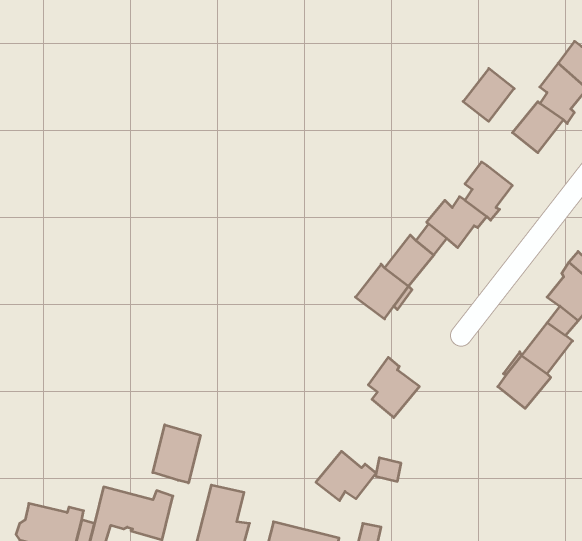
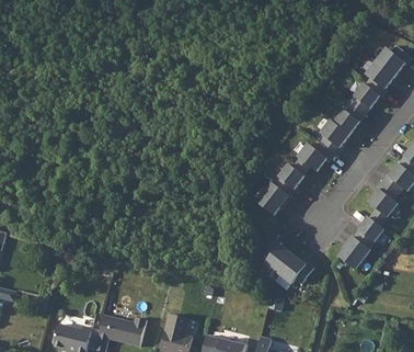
building: [463,68,514,121] -> [334,102,365,134]
building: [153,425,200,483] -> none
building: [316,451,376,501] -> [278,254,314,284]

